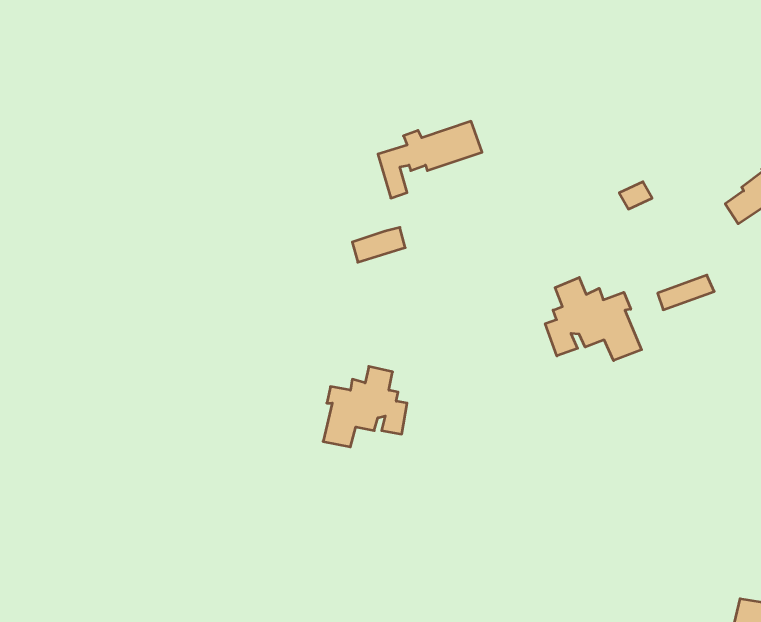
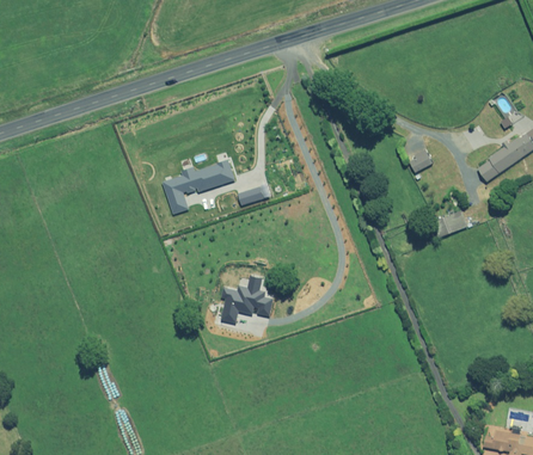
building: [378,121,482,198] -> [164,160,232,210]
building: [545,277,642,361] -> none

